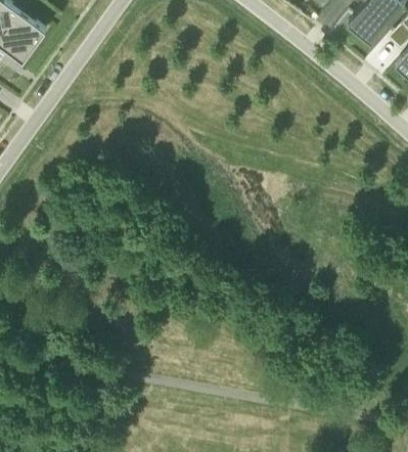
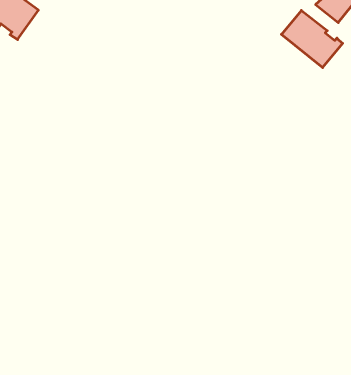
building: none -> [281,10,343,68]

